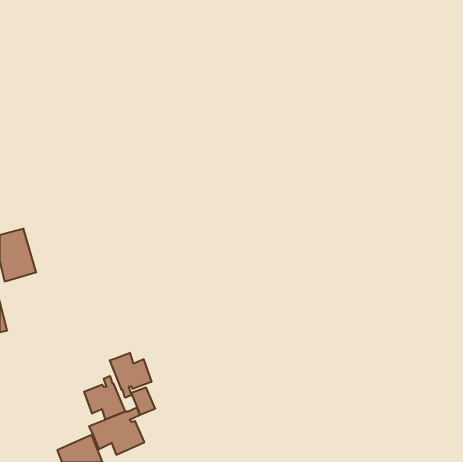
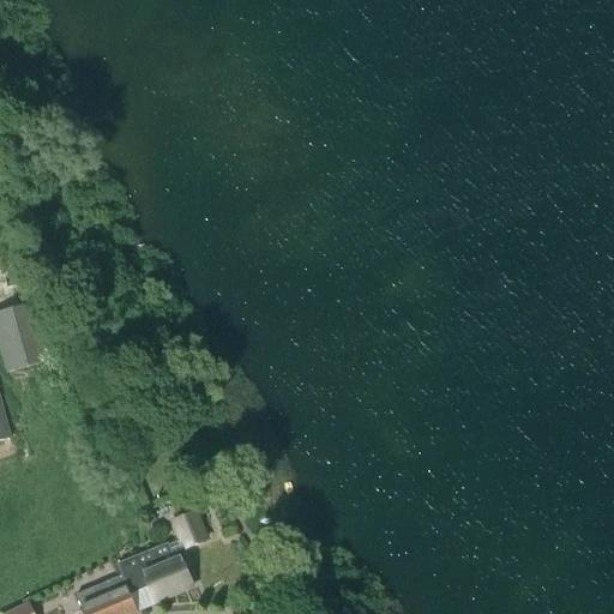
building: [110,353,151,398] -> none
building: [84,376,125,420] -> none

